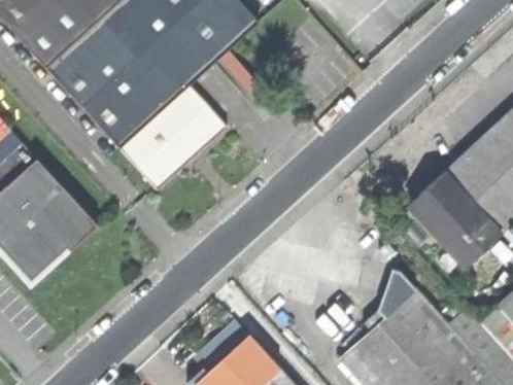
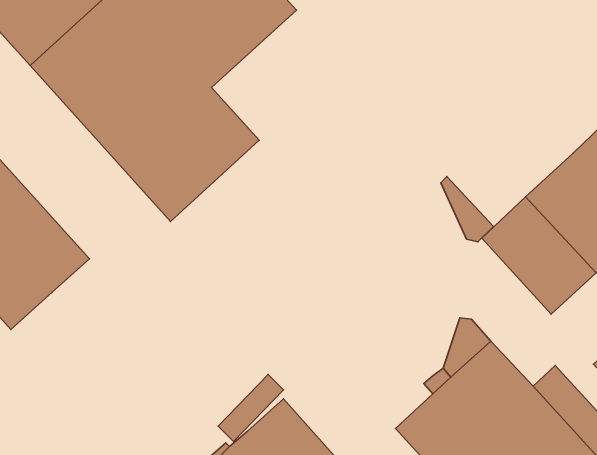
building: none -> [441,176,494,242]

